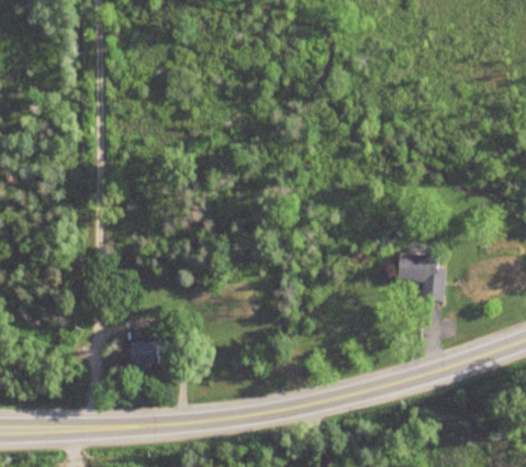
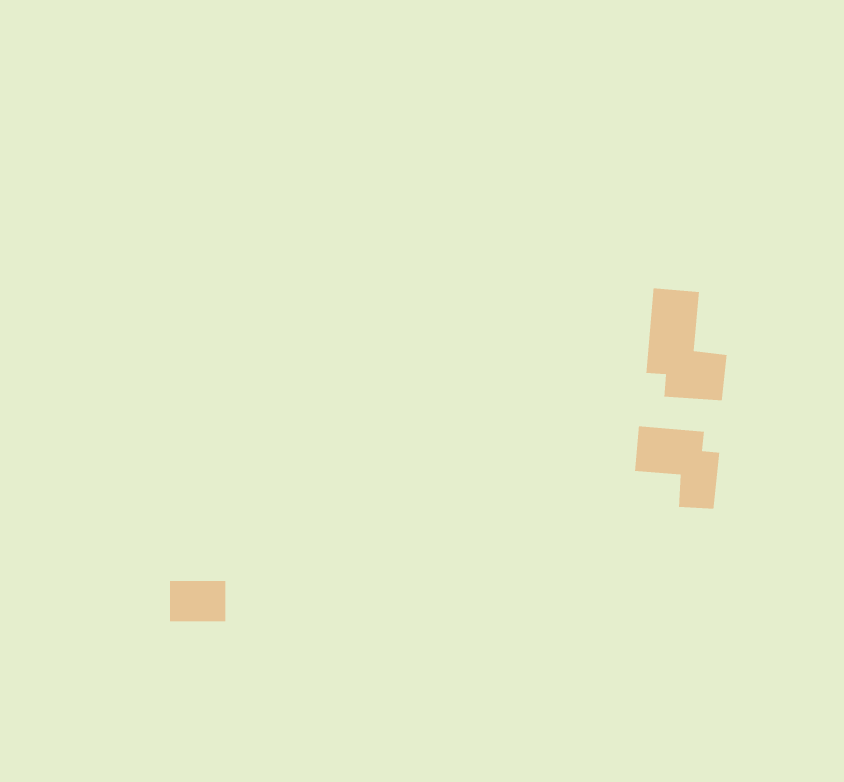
building: none -> [645,287,728,401]

